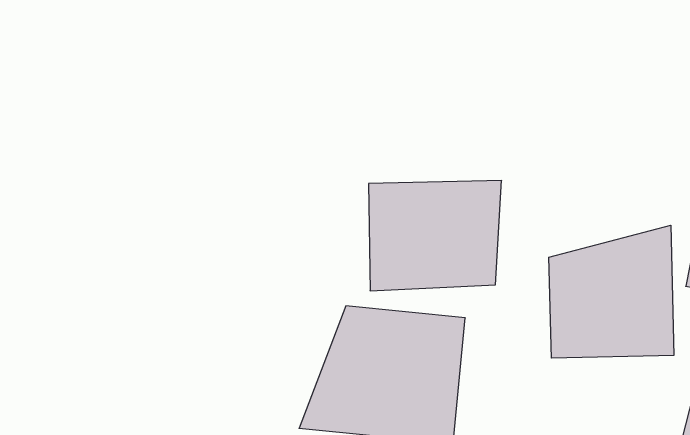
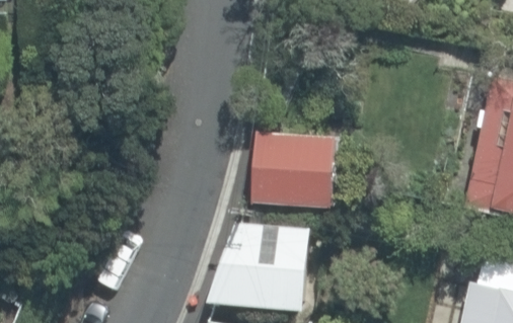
building: [549,225,674,358] -> none

